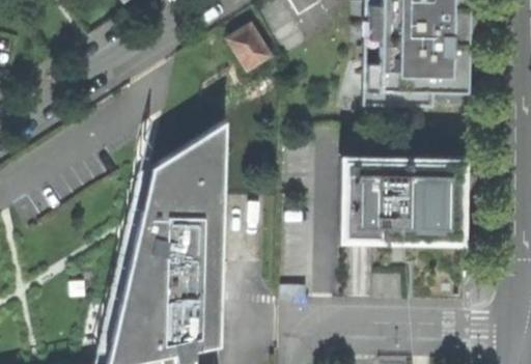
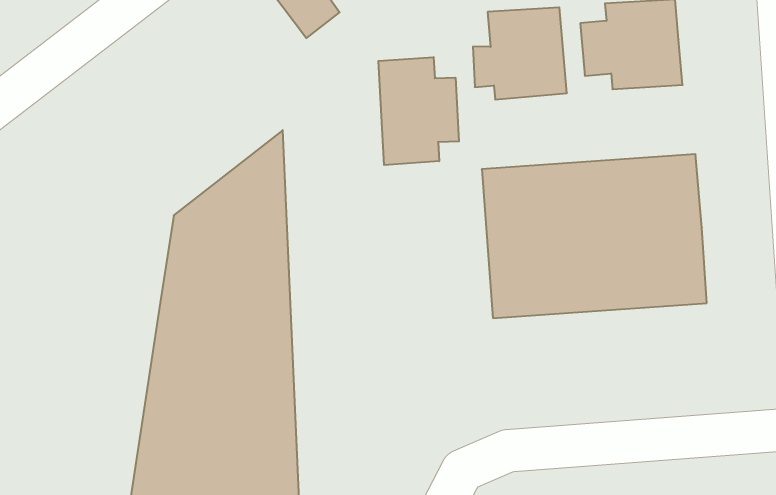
building: none -> [378,57,459,165]

